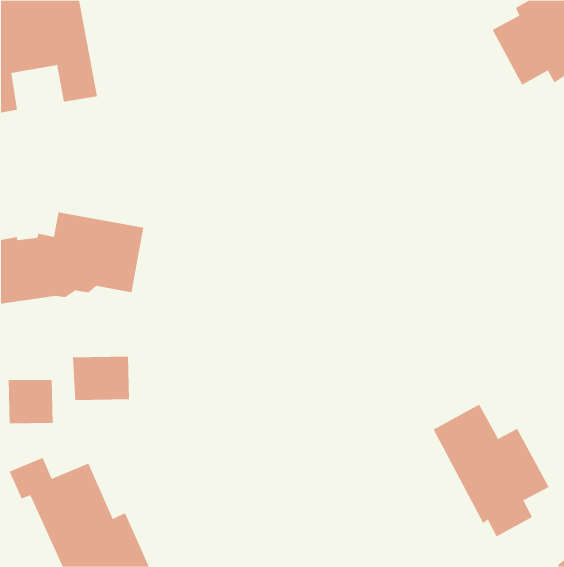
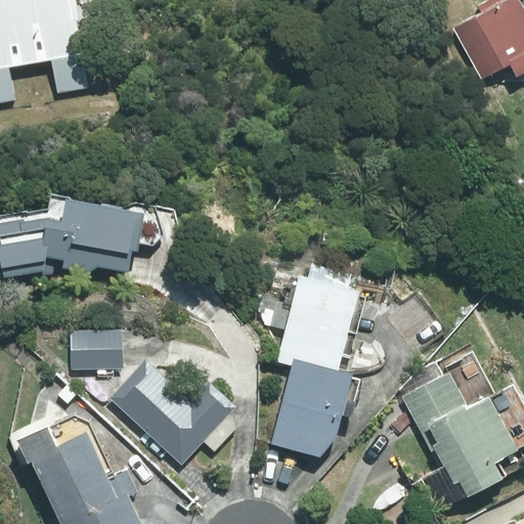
building: none -> [273,277,353,451]
building: [8,379,53,424] -> none
building: none -> [110,358,235,463]

